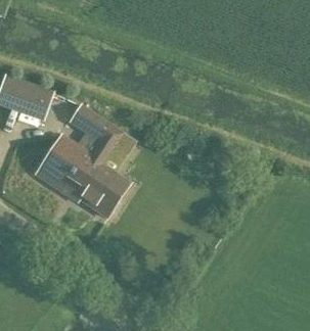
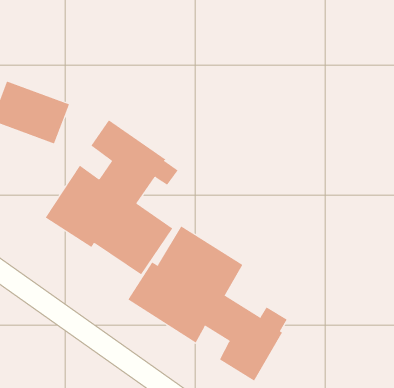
building: none -> [127,226,287,382]

